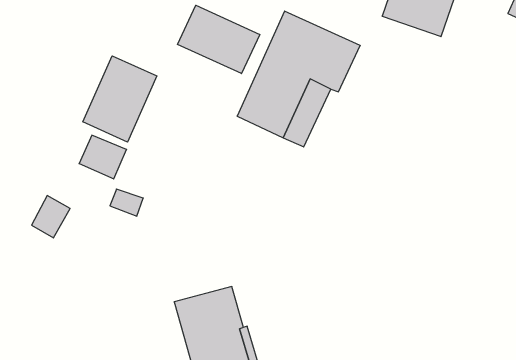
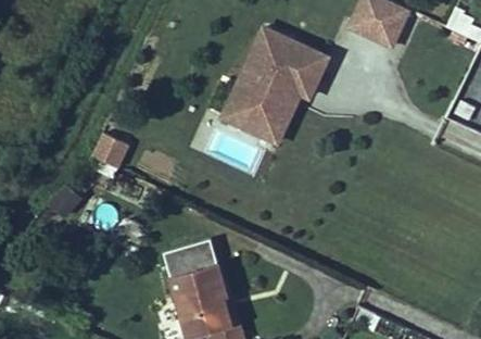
building: [177,5,260,74] -> none
building: [83,56,157,142] -> none
building: none -> [163,238,218,274]

